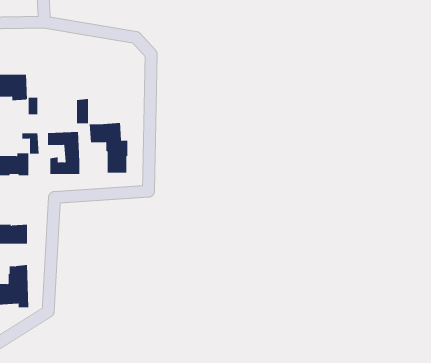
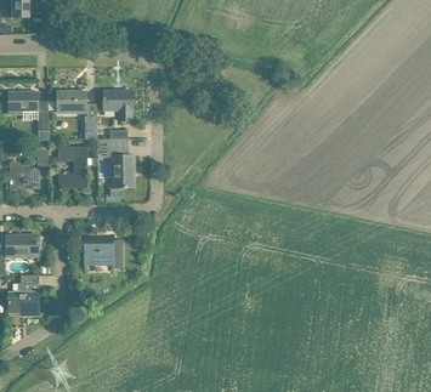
building: none -> [104,89,134,119]
building: none -> [58,90,87,112]
building: none -> [85,233,123,273]

